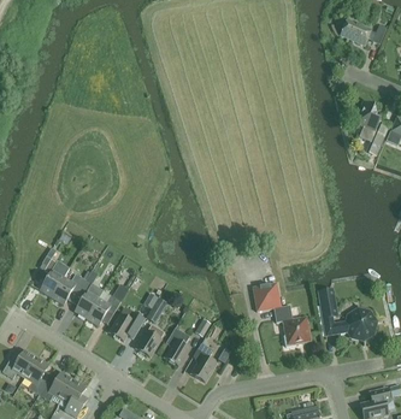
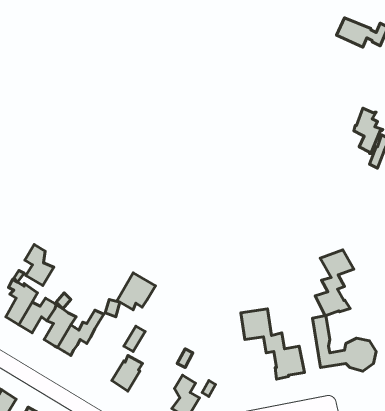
building: none -> [25,244,54,286]
building: none -> [315,250,354,316]
building: [110,307,145,341] -> [117,273,156,310]
building: [164,327,189,366] -> none

